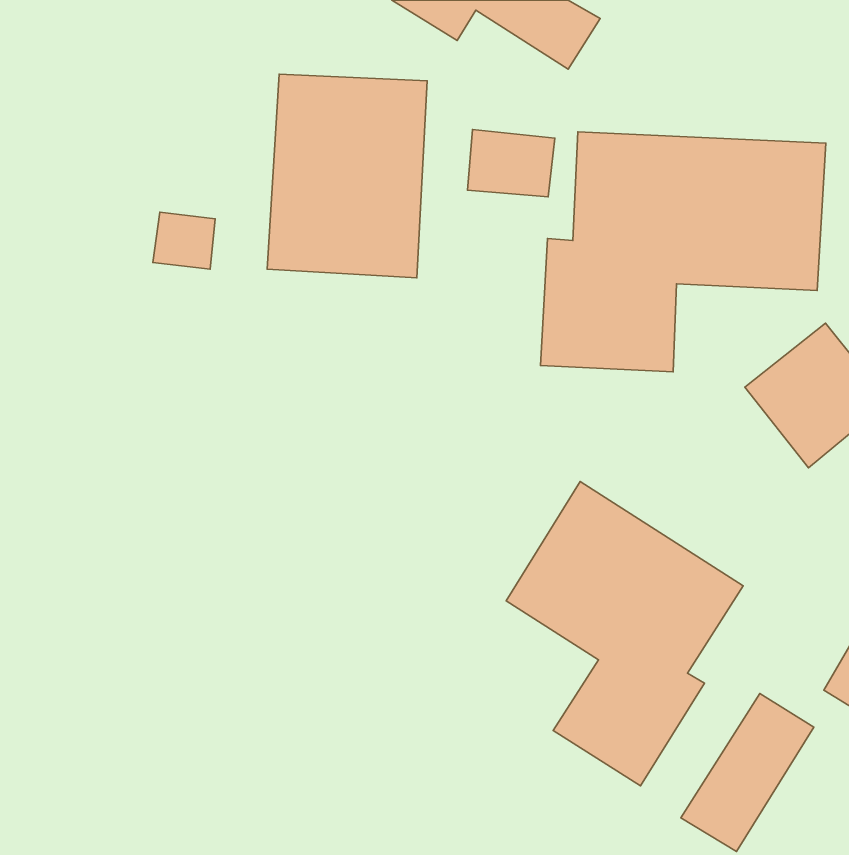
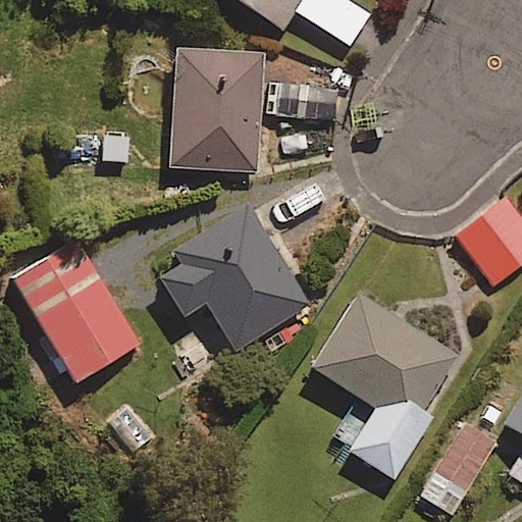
building: [540,132,826,372] -> none
building: none -> [155,203,312,352]
building: none -> [13,239,139,381]

